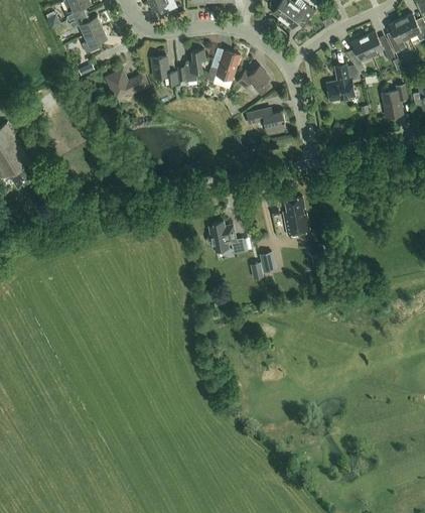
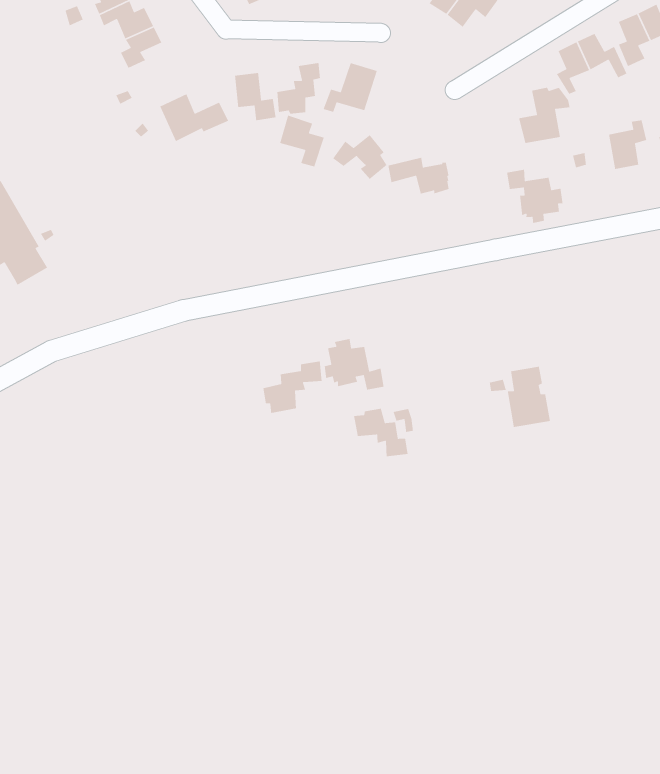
building: [236,67,270,95] -> [332,134,388,180]
building: none -> [279,115,325,168]
building: none -> [506,169,564,224]
building: [282,197,309,235] -> [507,366,551,428]
building: none -> [263,361,323,414]
building: none -> [353,408,408,457]

